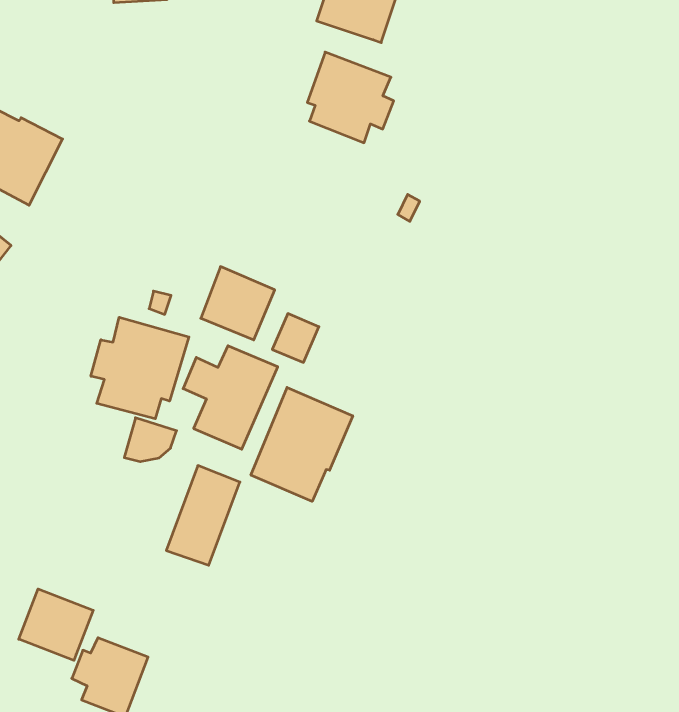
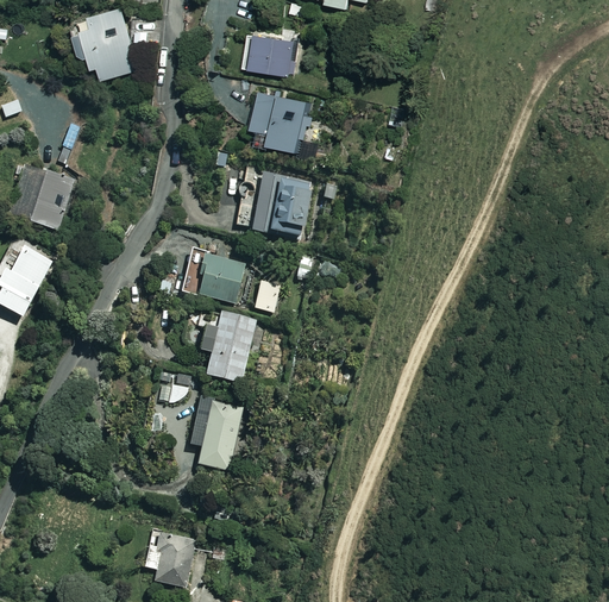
building: none -> [237,174,309,238]
building: [91,317,189,419] -> none
building: [251,387,353,501] -> none
building: [19,589,93,660] -> none

